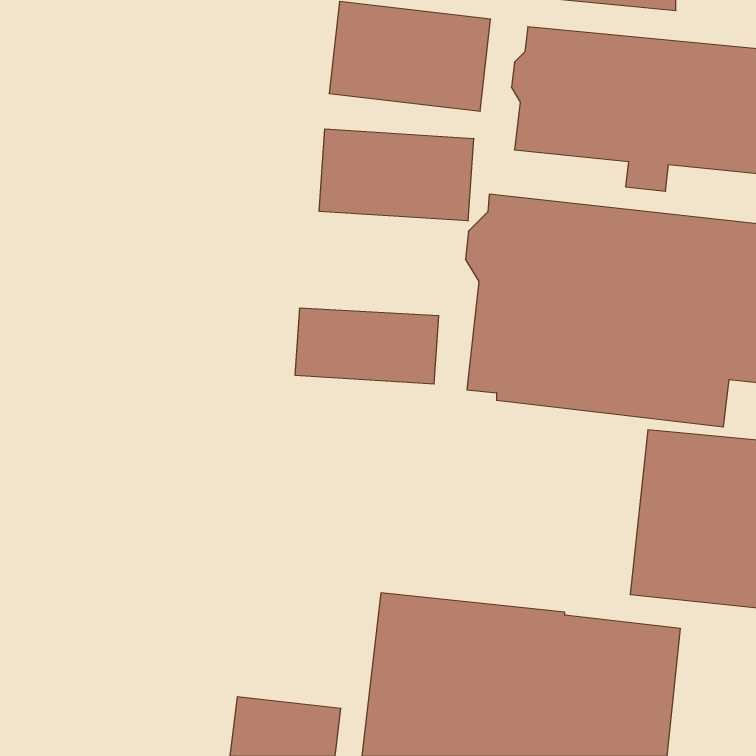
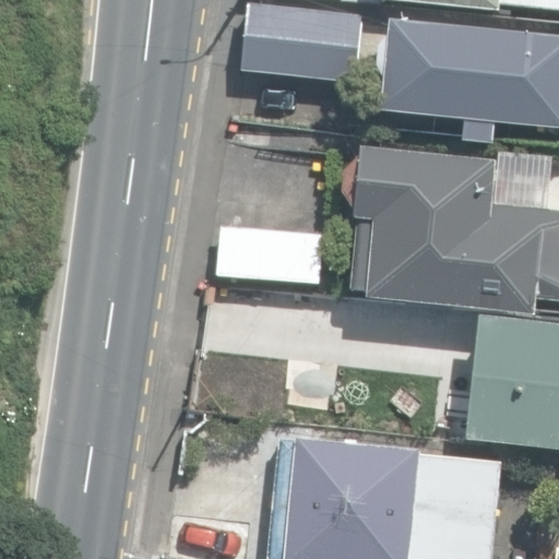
building: [319,129,474,221] -> none

